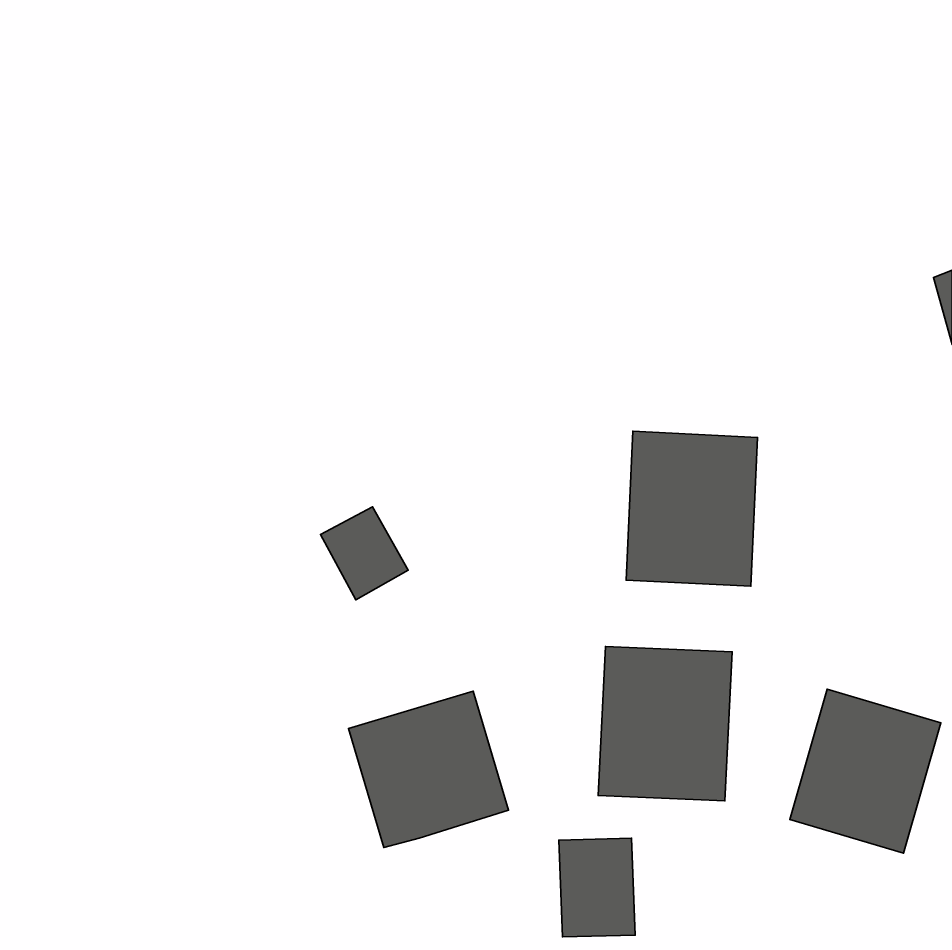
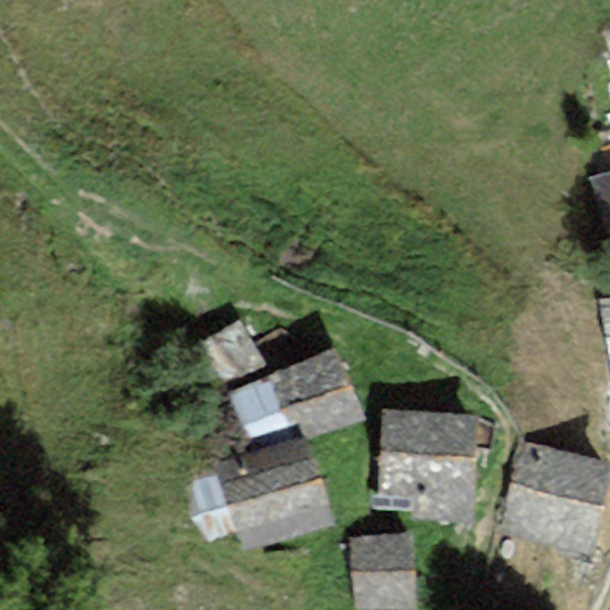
building: [626,431,757,586] -> none
building: none -> [235,351,357,432]

